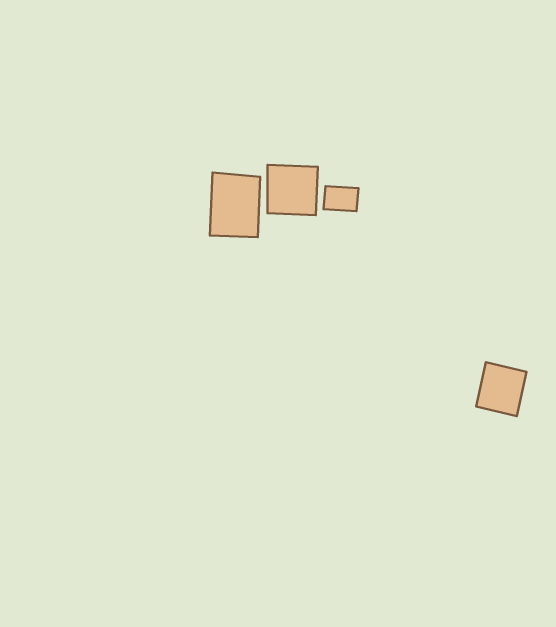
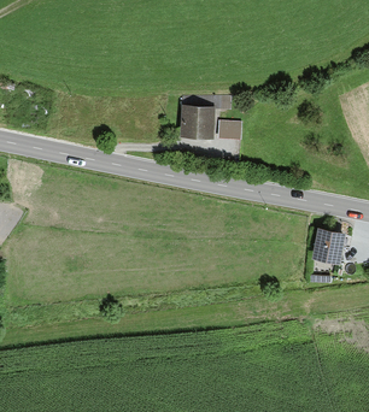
building: [210,172,260,237] -> none

